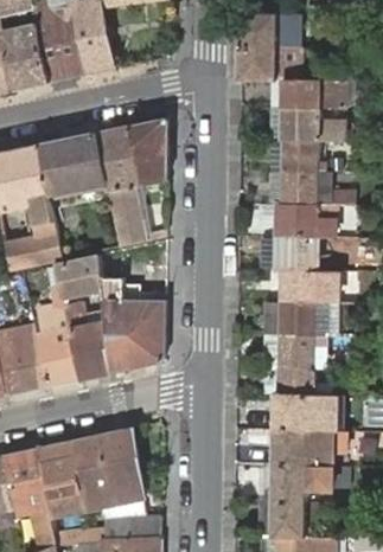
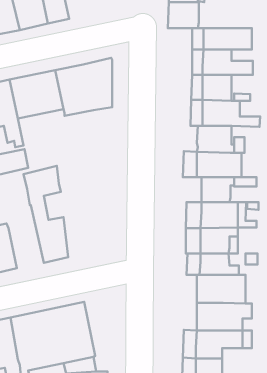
building: [107,186,166,245] -> none
building: [100,277,165,371] -> none
building: [36,284,81,385] -> none

